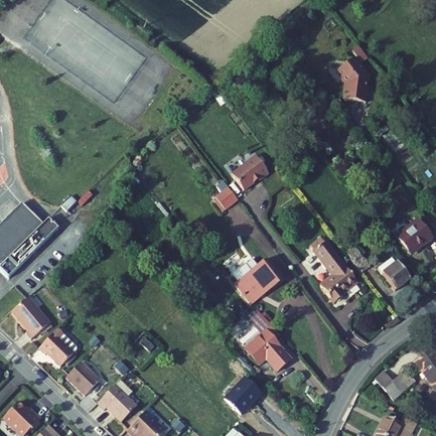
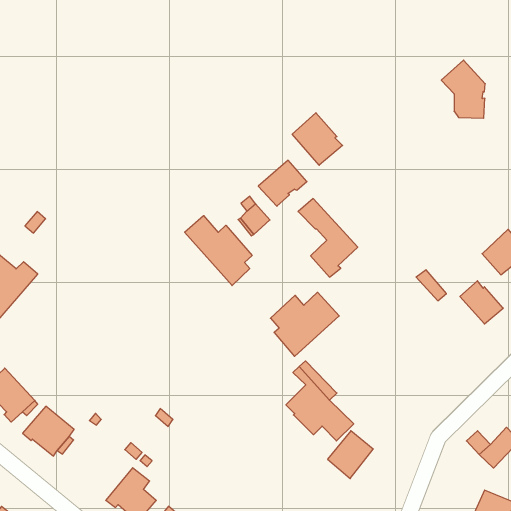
building: [335,56,369,102] -> [441,60,485,118]
building: none -> [292,113,343,165]
building: none -> [185,216,252,286]
building: [313,242,356,302] -> [298,199,358,277]
building: [65,361,100,396] -> none
building: [225,378,260,414] -> [328,431,373,479]

